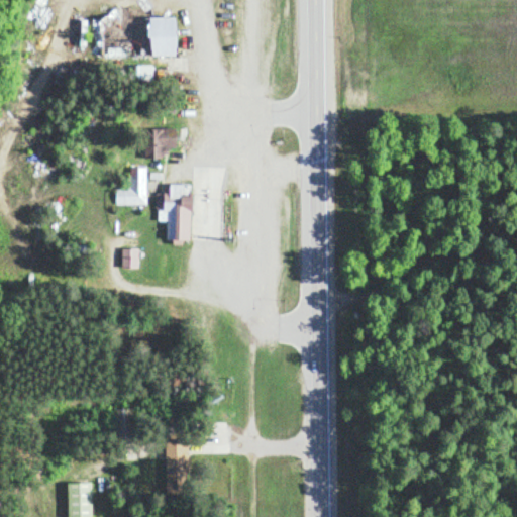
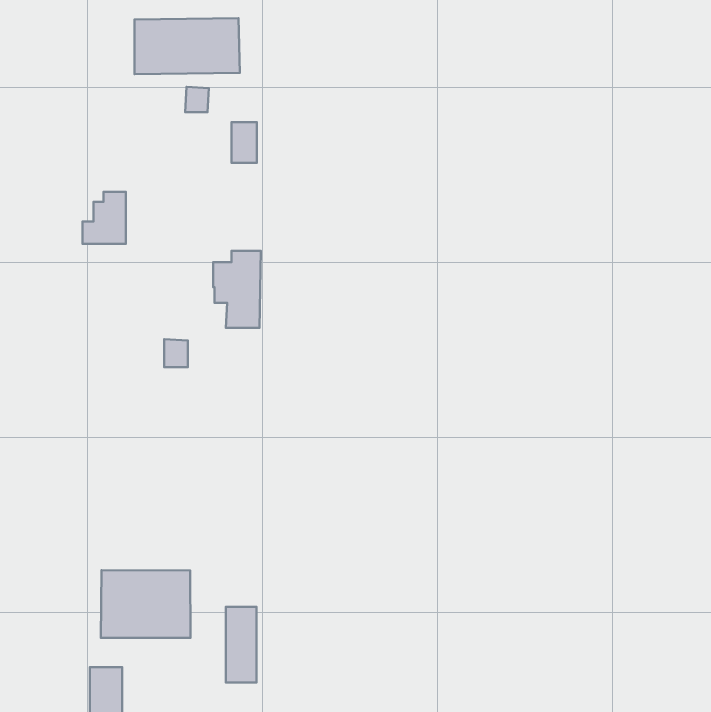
building: [146,130,165,160] -> [231,122,257,163]
building: [116,167,147,204] -> [82,192,126,244]
building: none -> [101,570,191,638]

